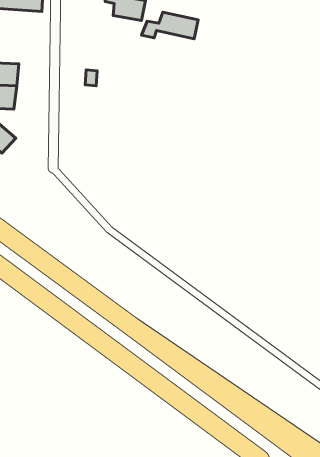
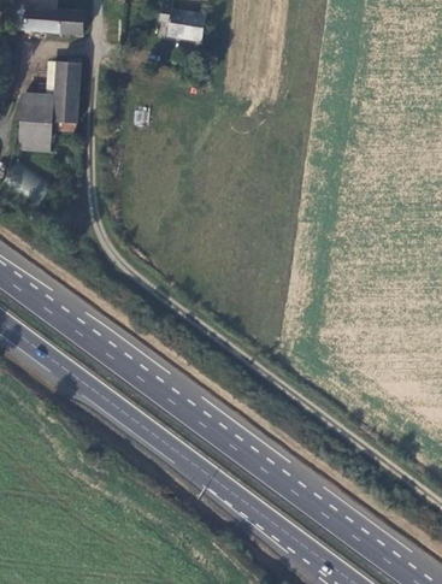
building: [142,12,198,39] -> none
building: none -> [52,64,81,131]

